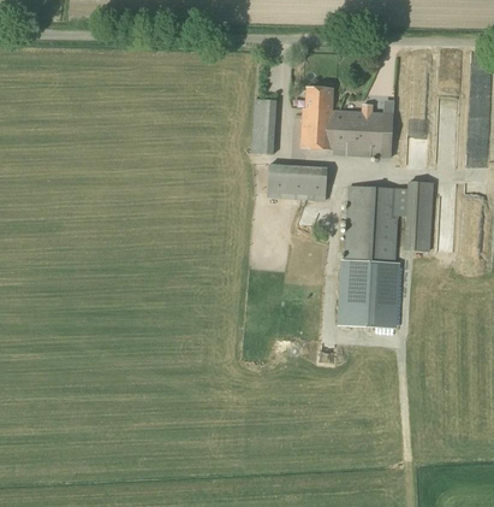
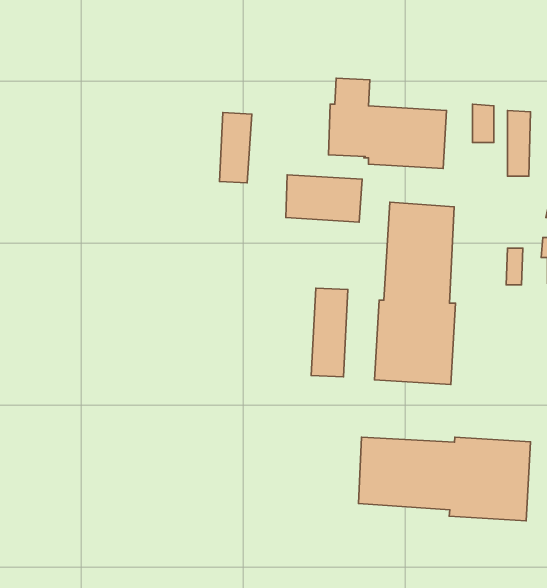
building: [252,98,278,153] -> [220,112,252,183]
building: [405,181,434,250] -> [311,288,348,377]
building: none -> [358,437,531,521]

